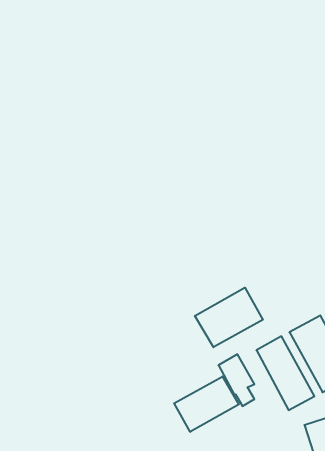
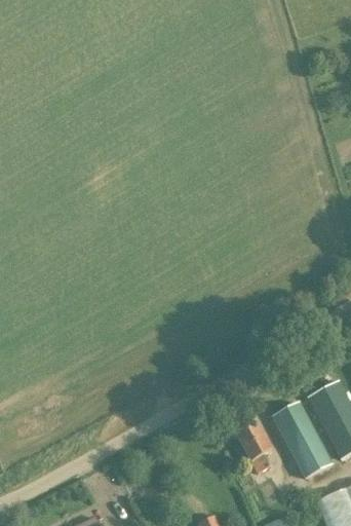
building: [195,288,263,347] -> none
building: [174,376,239,432] -> none

